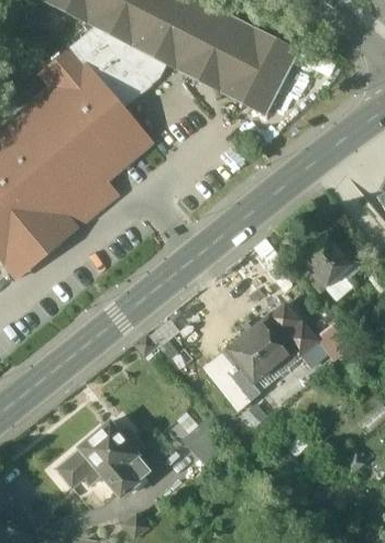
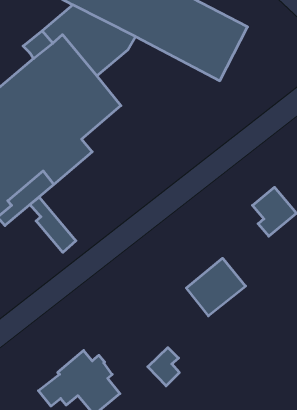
building: none -> [30,197,76,252]
building: [268,304,316,354] -> none
building: [202,351,259,411] -> none

